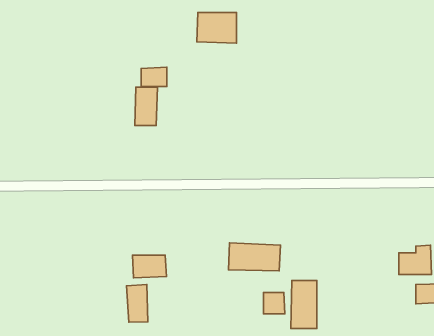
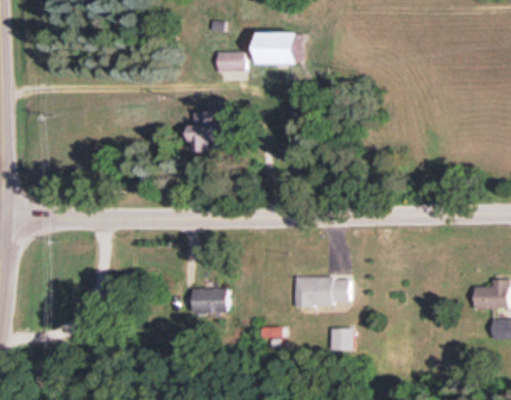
building: [141,67,167,86] -> [216,51,244,71]
building: [291,281,317,328] -> none
building: [127,284,148,322] -> none

